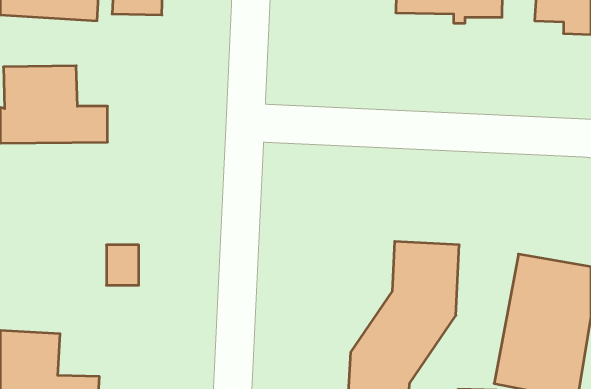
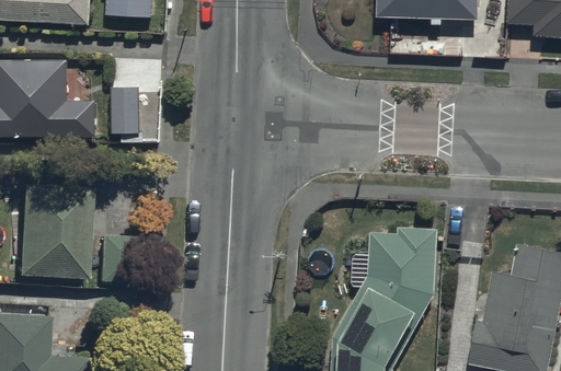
building: none -> [111,84,146,143]
building: none -> [21,186,99,283]

